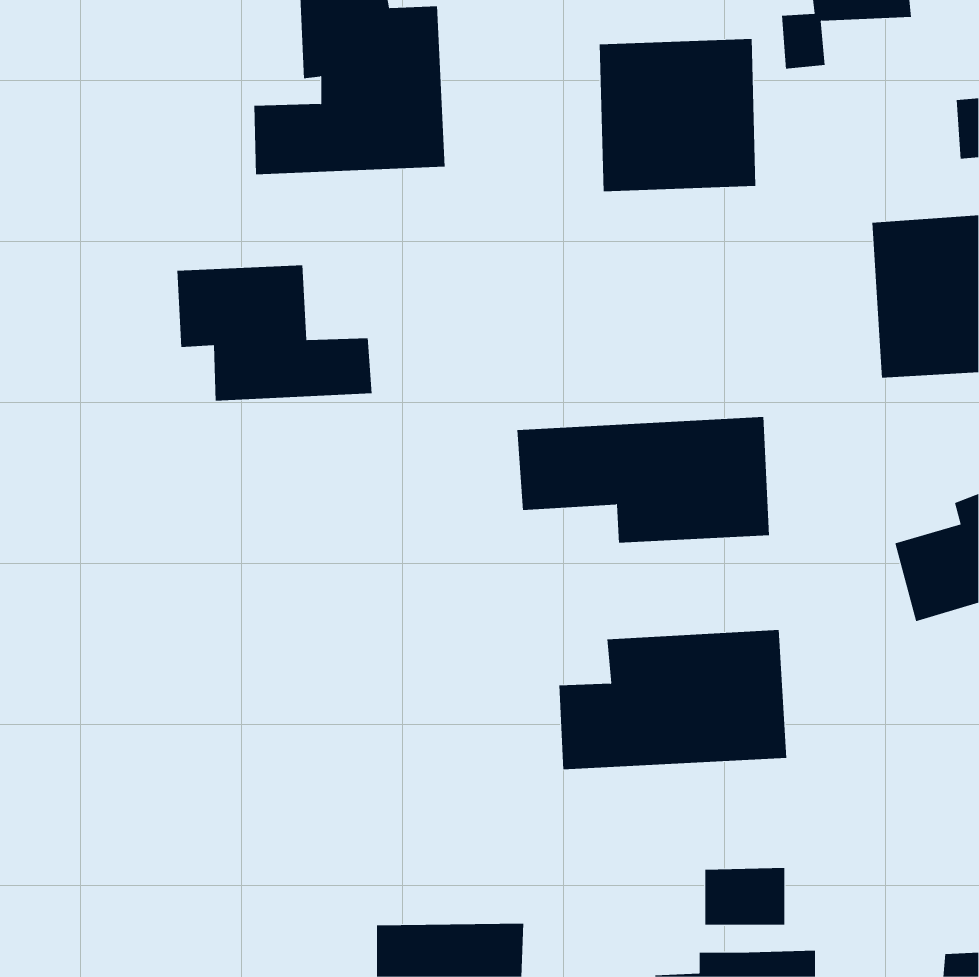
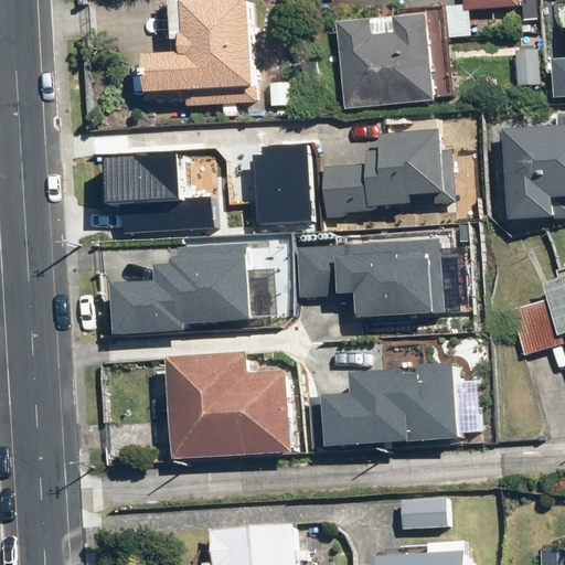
building: none -> [321,128,457,215]
building: none -> [249,140,313,222]
building: none -> [109,245,246,331]
building: none -> [172,359,298,465]

